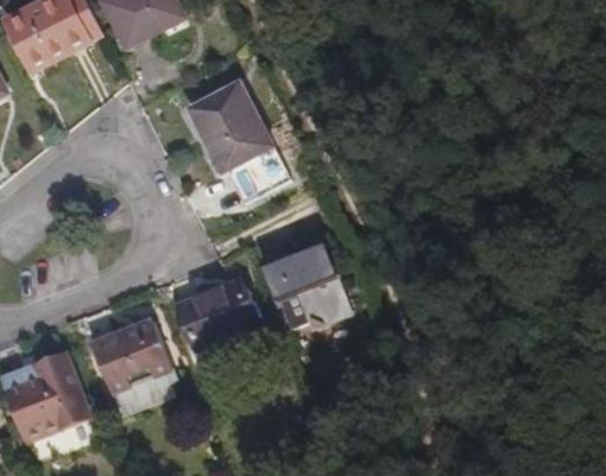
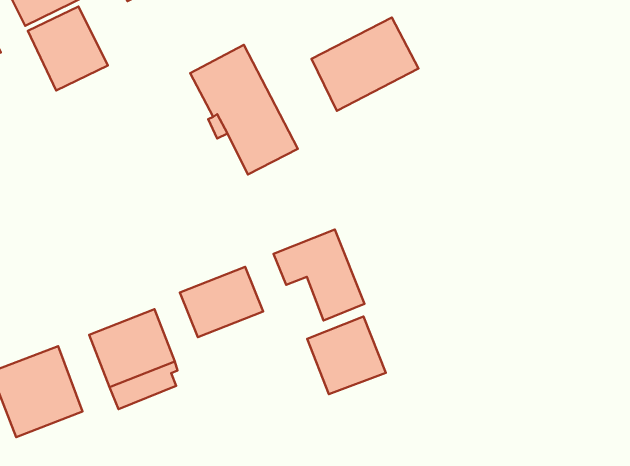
building: none -> [28,6,108,91]
building: none -> [311,17,418,111]
building: none -> [307,317,386,394]

